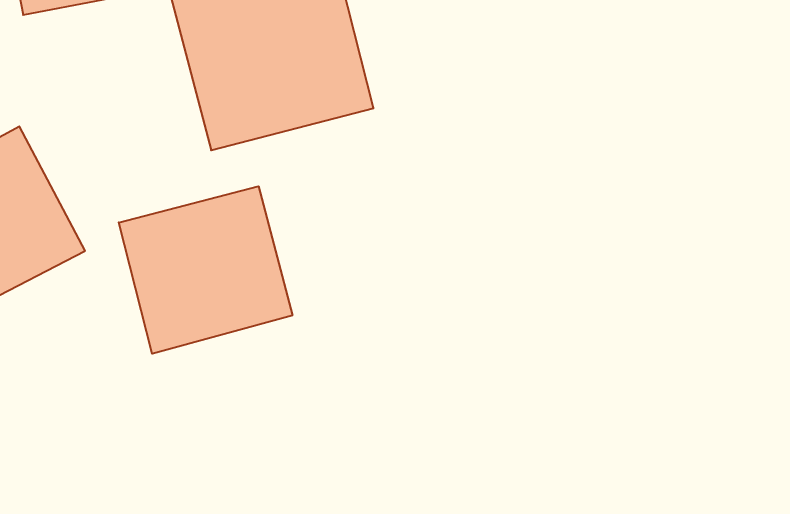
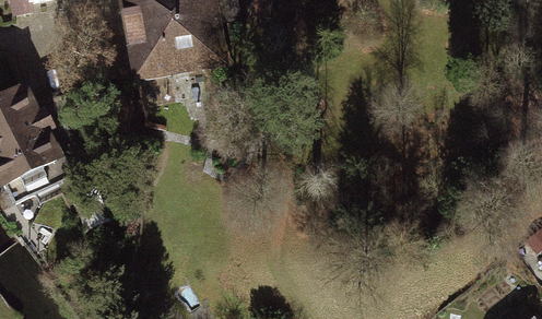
building: [119,186,292,354] -> none

